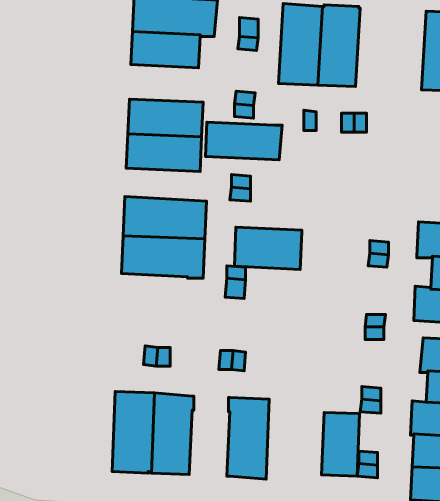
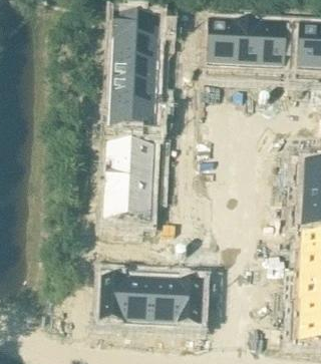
building: none -> [257,21,285,72]
building: [205,122,282,160] -> [112,57,162,81]
building: [234,227,302,269] -> [106,191,149,218]
building: none -> [150,278,177,320]
building: [322,412,360,476] -> none

